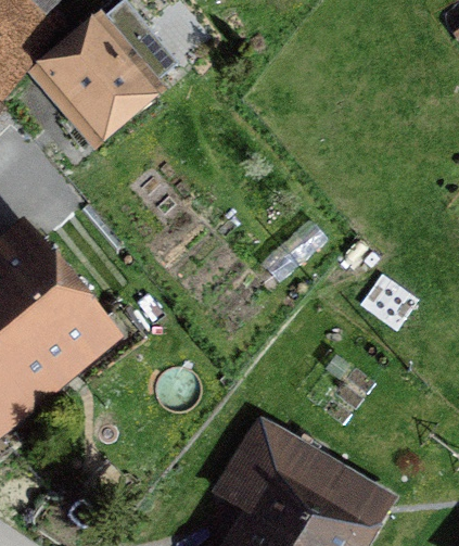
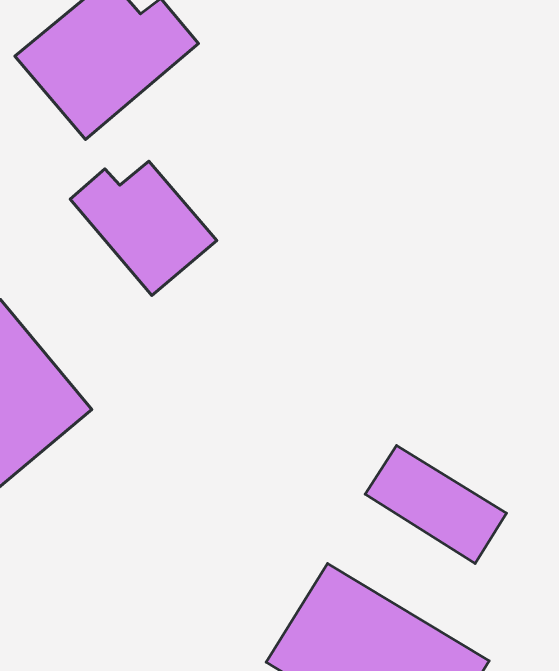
building: none -> [70,161,217,296]

